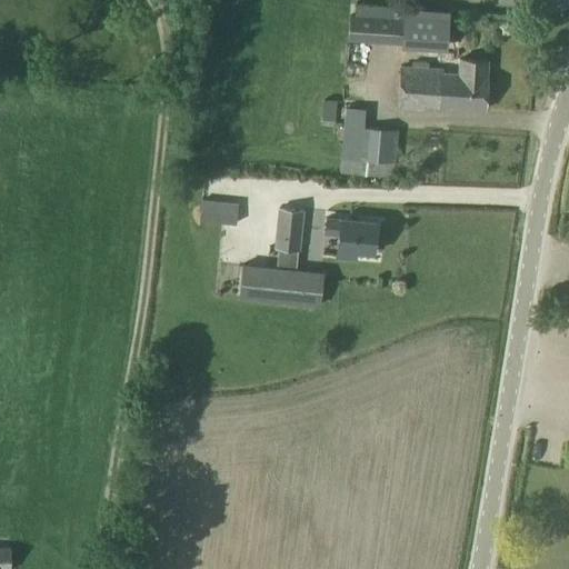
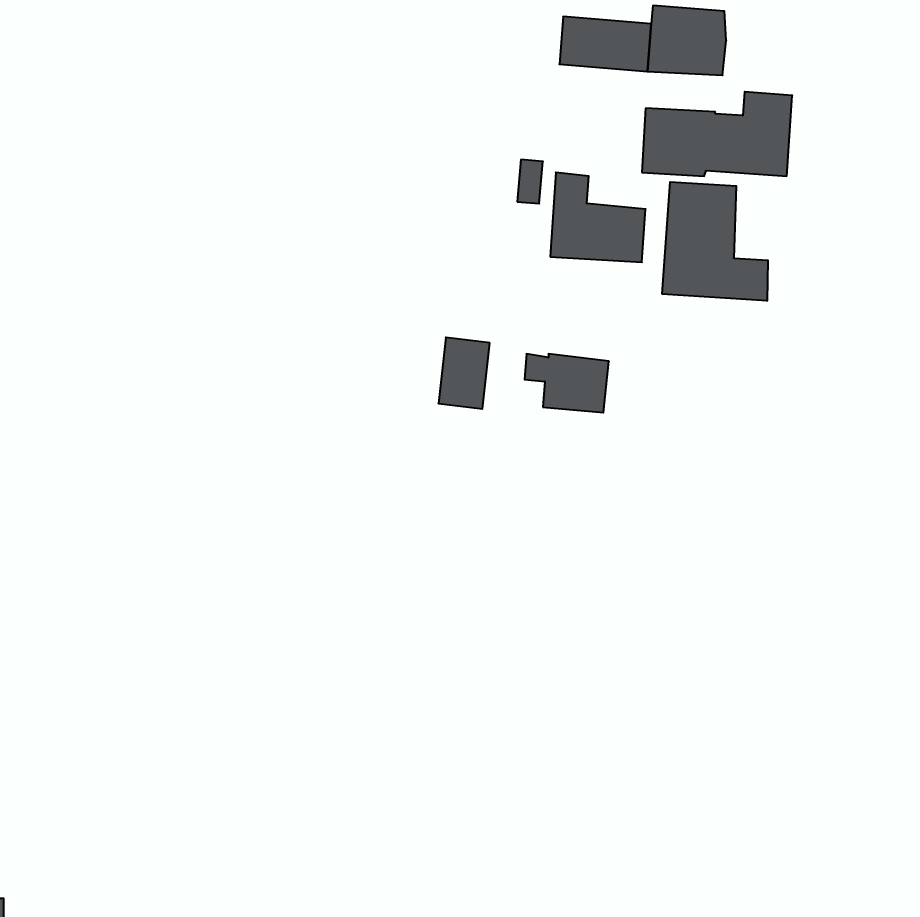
building: none -> [662,182,768,301]
building: [200,201,239,224] -> none
building: [253,267,323,307] -> none

